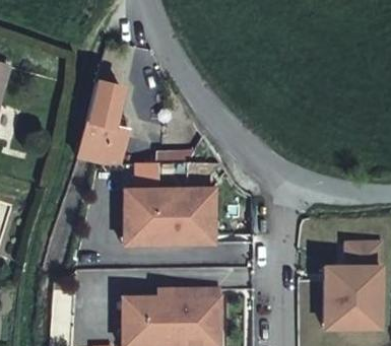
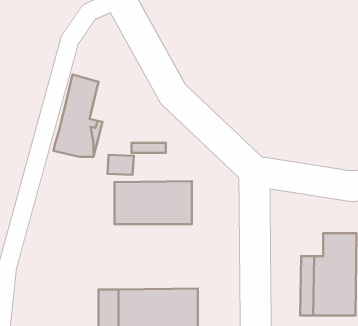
building: [124,190,216,245] -> none

